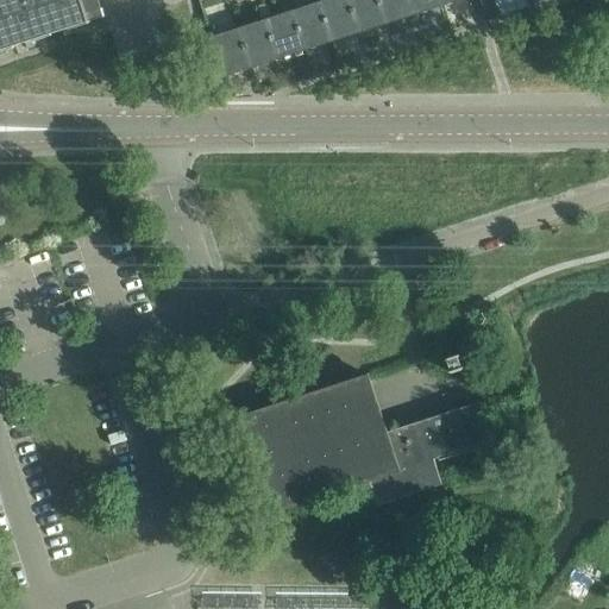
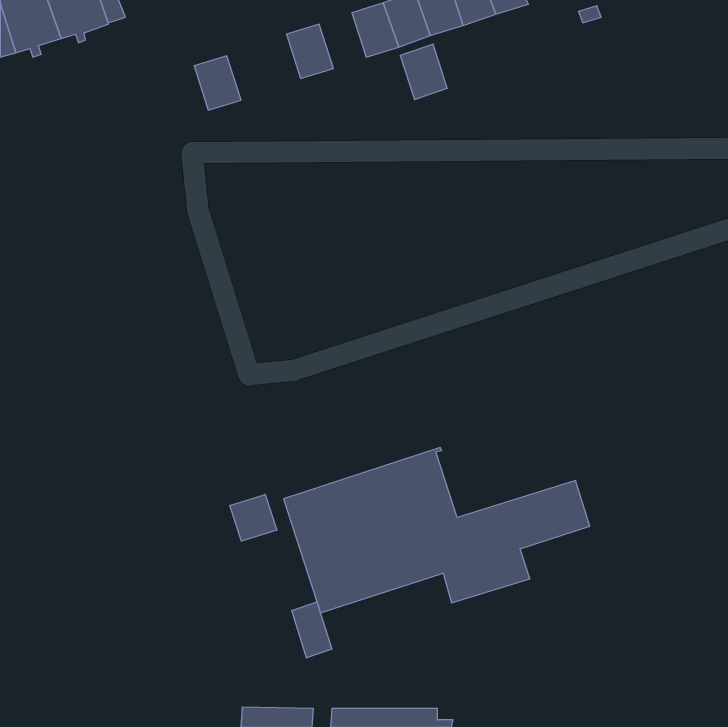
building: [266,11,306,57] -> [400,44,447,100]
building: [212,29,251,74] -> [194,56,241,110]
building: none -> [230,494,277,541]
building: none -> [292,602,332,658]

